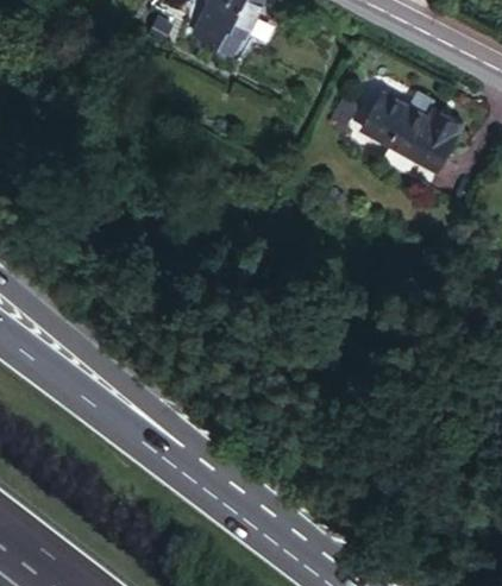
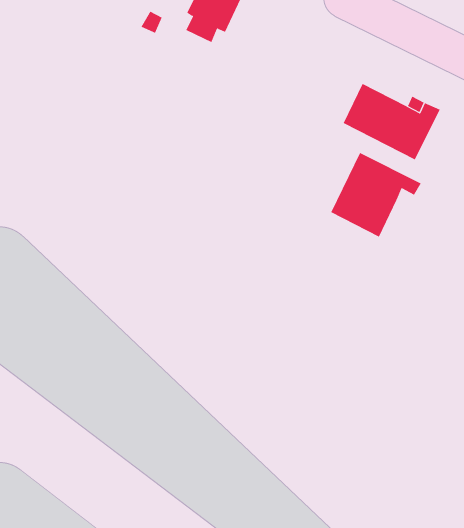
building: none -> [330,152,422,237]

